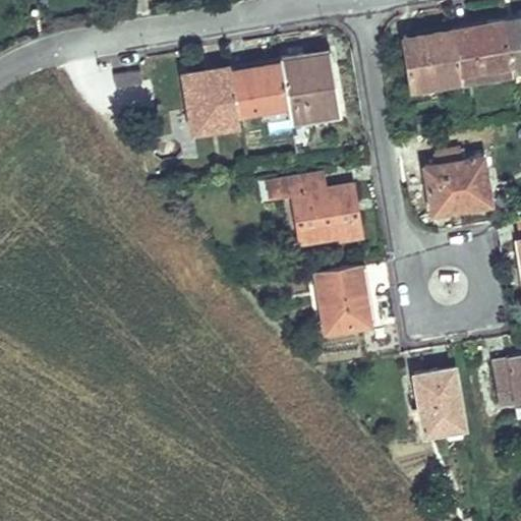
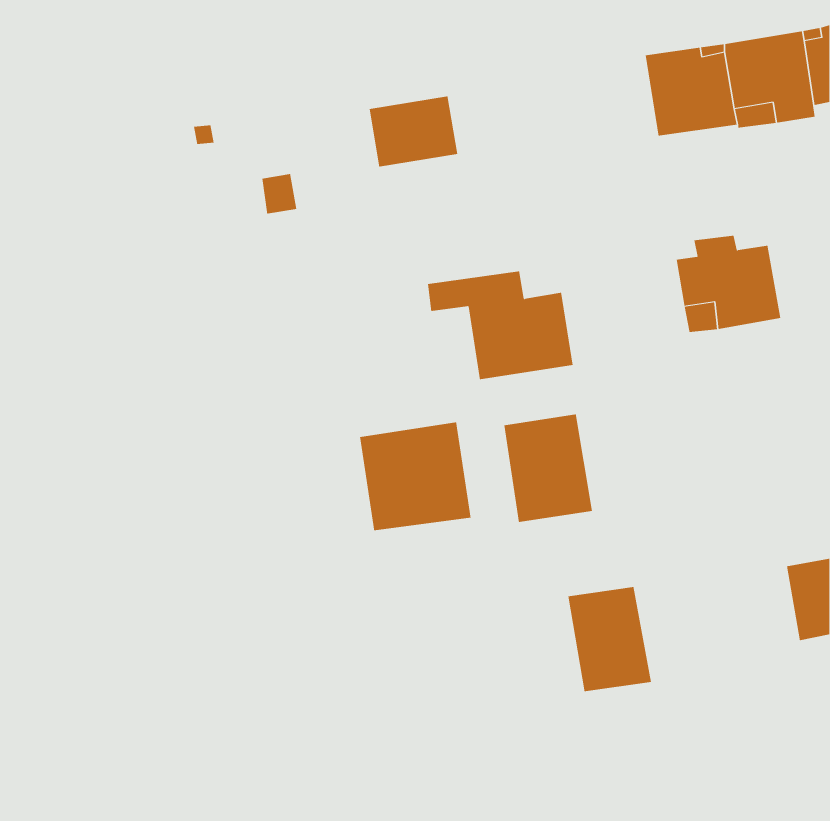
building: [281,53,340,122] -> none
building: [183,70,239,129] -> none
building: none -> [360,422,471,531]
building: [413,368,466,435] -> [567,586,652,692]

